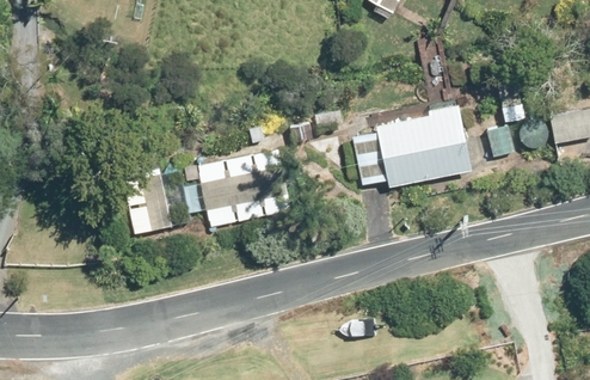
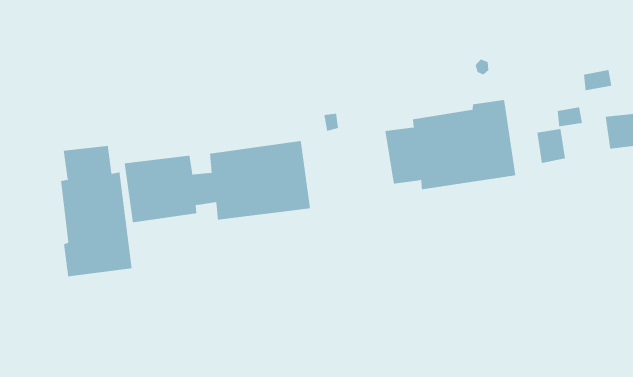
building: none -> [61,145,132,277]

